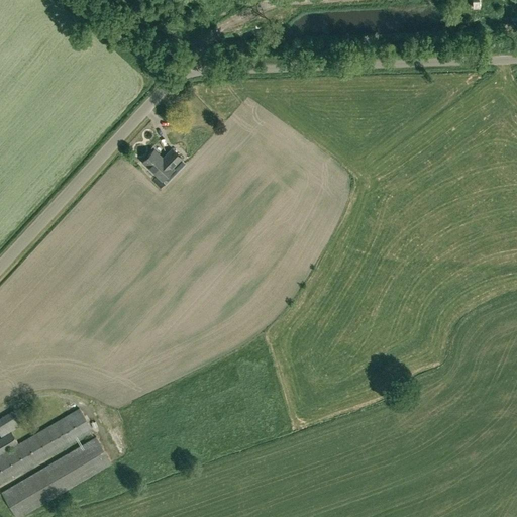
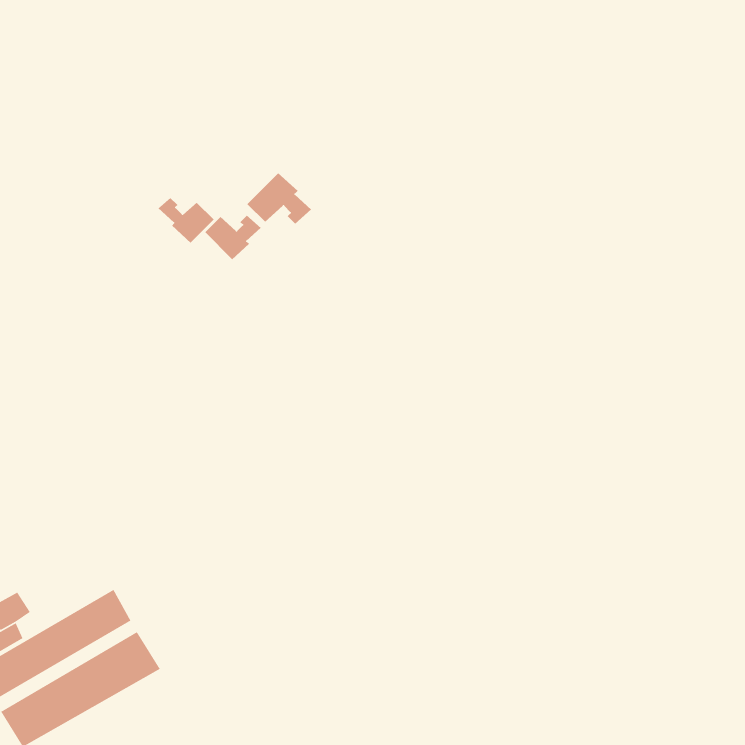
building: none -> [247,172,312,224]
building: none -> [158,197,214,244]

